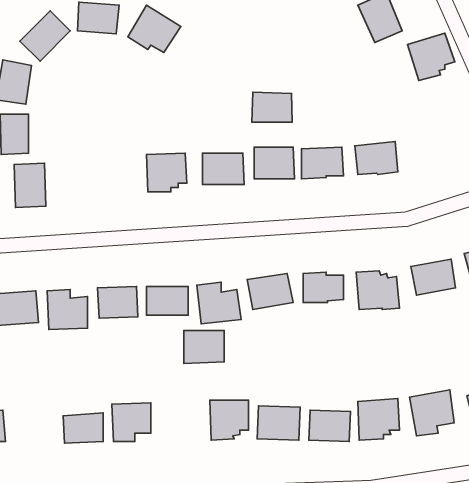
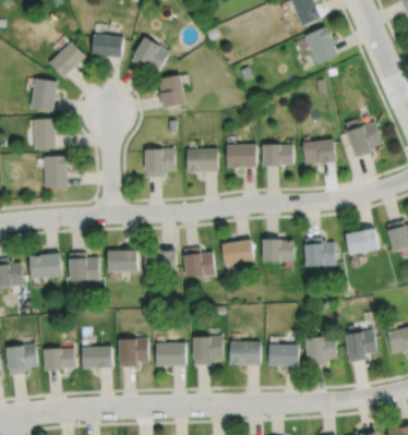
building: [407,33,455,81] -> [346,122,382,158]
building: none -> [158,75,185,109]
building: [252,92,292,122] -> none
building: [184,330,224,363] -> [155,342,185,367]
building: none -> [43,347,75,374]

